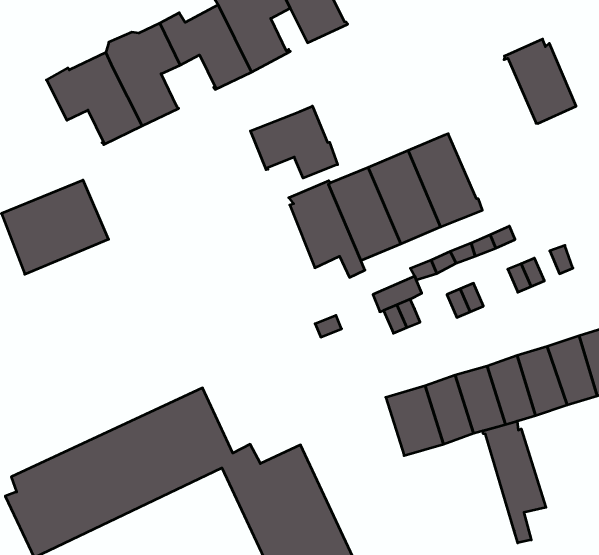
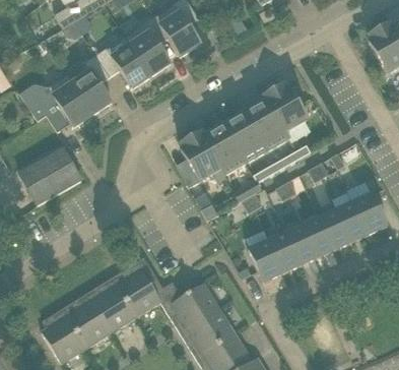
building: [504,39,576,123] -> [263,84,307,132]
building: [250,106,338,178] -> none
building: [483,421,546,543] -> none

